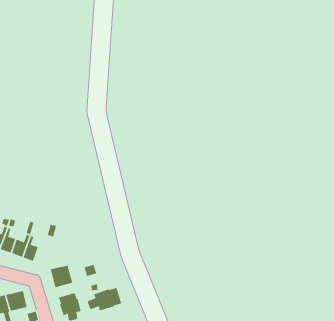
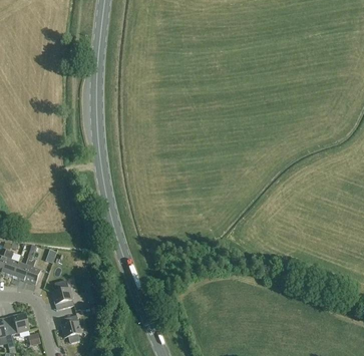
building: [87,287,122,311] -> none

